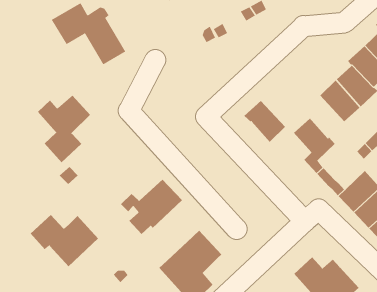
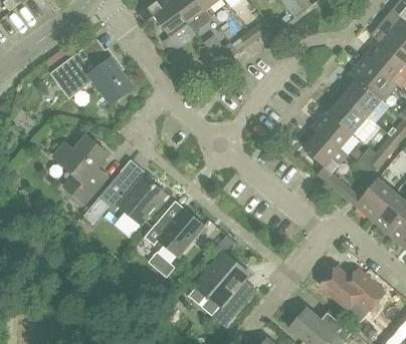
building: [244,100,286,143] -> [311,109,353,149]
building: [30,214,99,267] -> [99,174,167,225]

